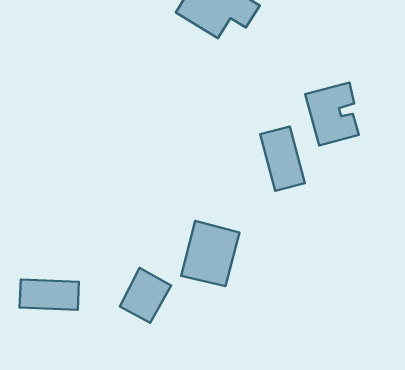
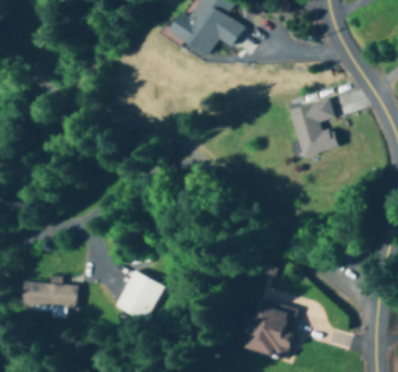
building: [260,126,305,191] -> none
building: [181,221,239,286] -> [245,298,300,359]

